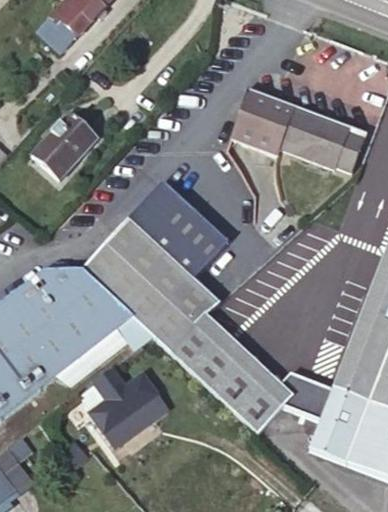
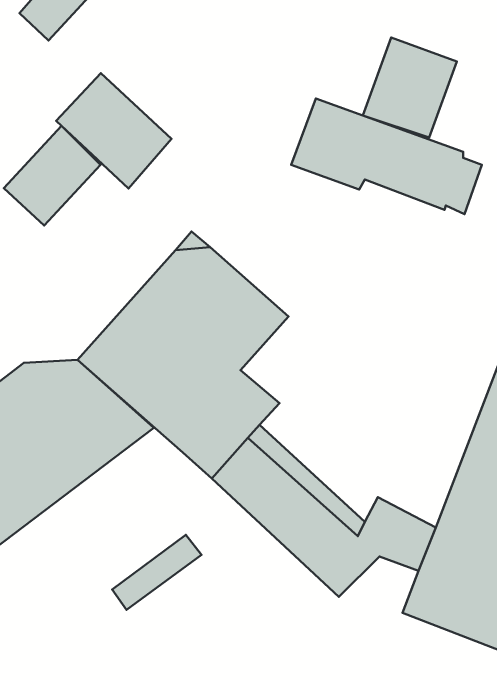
building: none -> [363,38,457,137]
building: none -> [56,73,171,188]
building: [81,369,158,430] -> none

